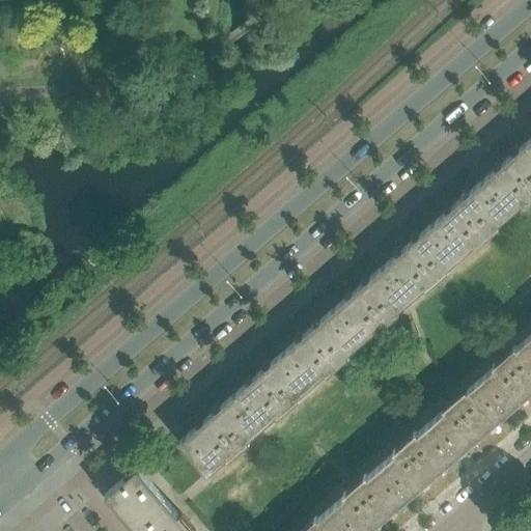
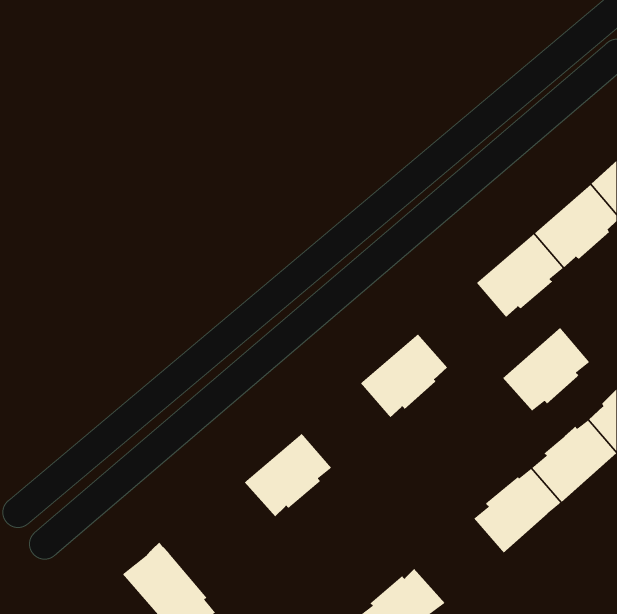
building: [359,246,435,318] -> [502,327,590,412]
building: [259,332,335,404] -> none
building: [179,417,236,475] -> none
building: [356,448,432,521] -> none

